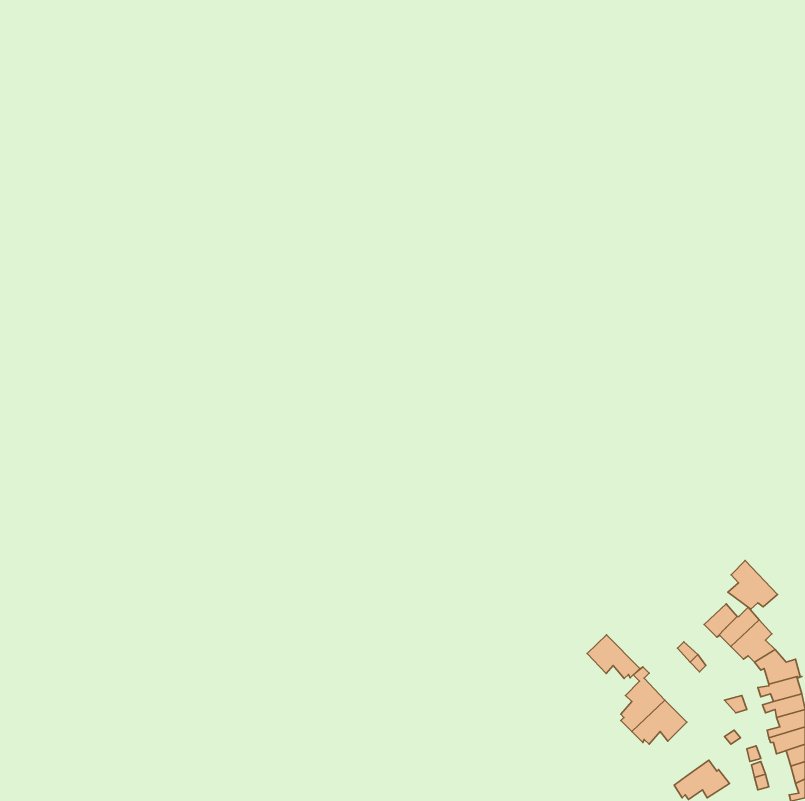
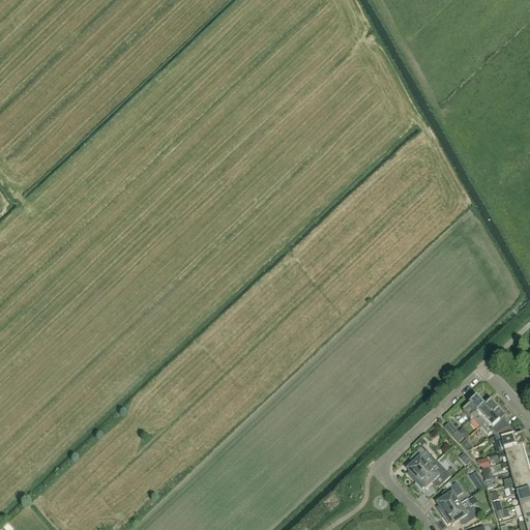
building: [728,561,777,609] -> none
building: [587,635,640,679] -> none
building: none -> [437,481,466,516]

